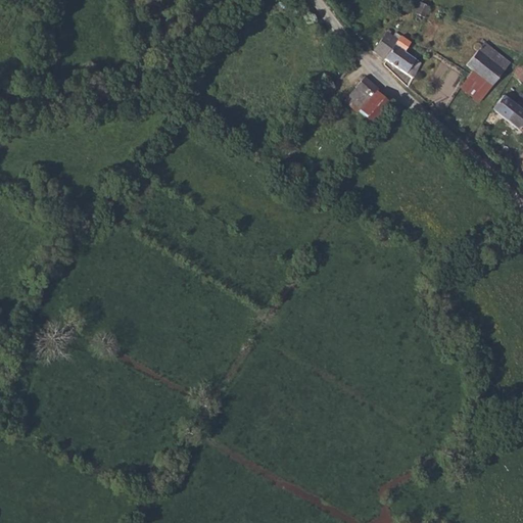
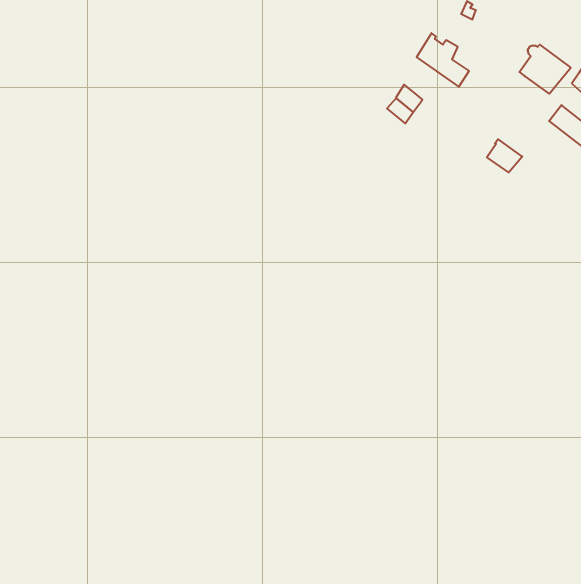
building: [462,68,493,98] -> [487,139,522,172]
building: [363,92,392,124] -> none

